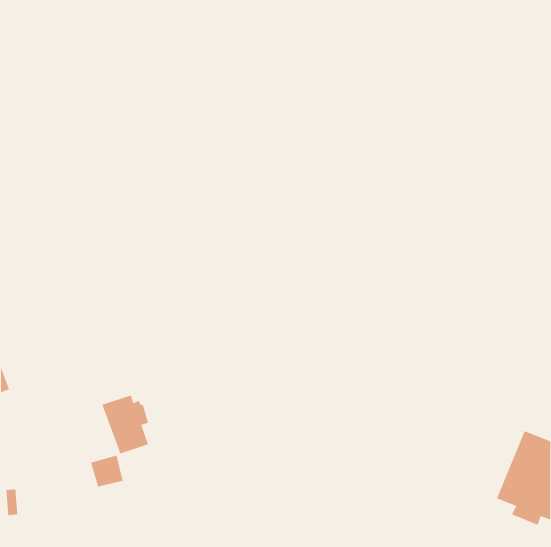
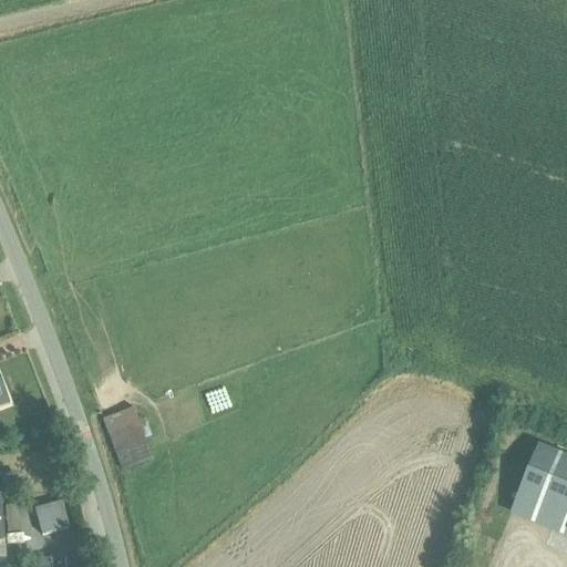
building: [90,455,123,487] -> [34,498,69,532]

